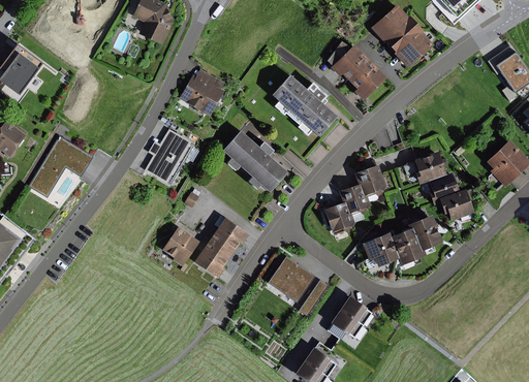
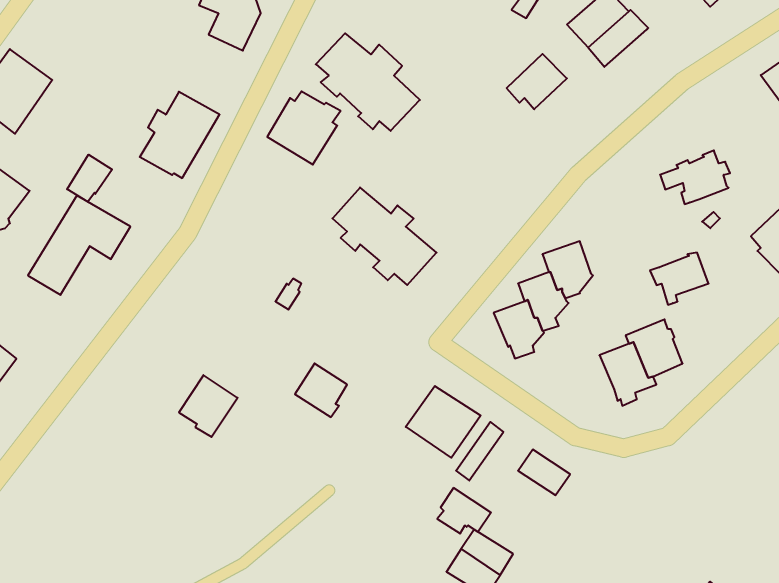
building: [393,30,432,67] -> none
building: [348,61,385,100] -> none
building: [270,74,336,136] -> [316,33,420,131]
building: none -> [67,155,112,202]
building: [144,129,194,184] -> [140,92,220,178]
building: [403,150,447,184] -> [660,150,730,204]
building: [436,189,473,221] -> none
building: [209,216,248,255] -> none
building: [161,226,198,265] -> [179,375,238,437]
building: [361,231,399,267] -> none
building: [328,310,362,339] -> [437,488,491,534]

